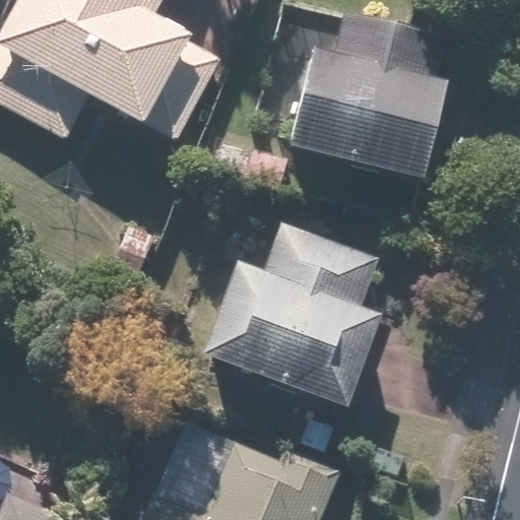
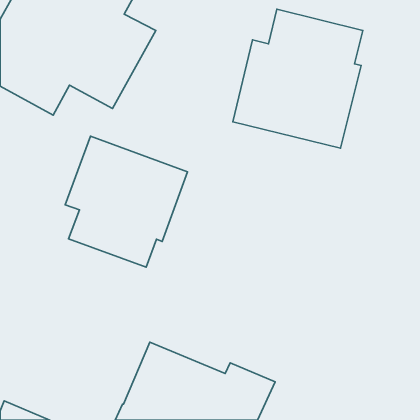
building: none -> [65,136,188,267]
building: [201,221,383,409] -> none

